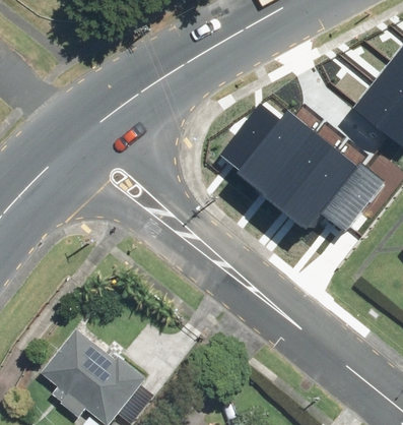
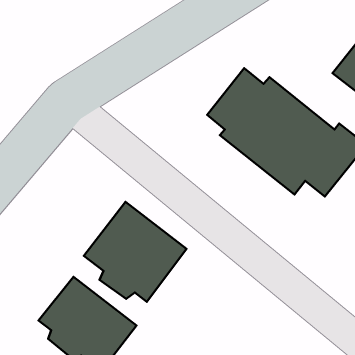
building: none -> [84,202,186,302]

